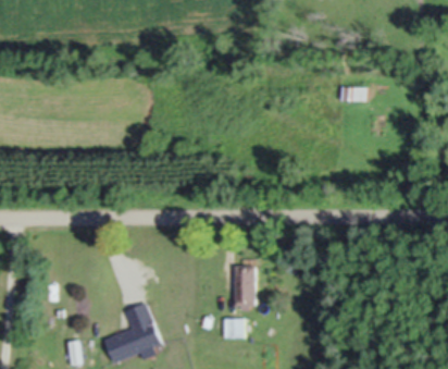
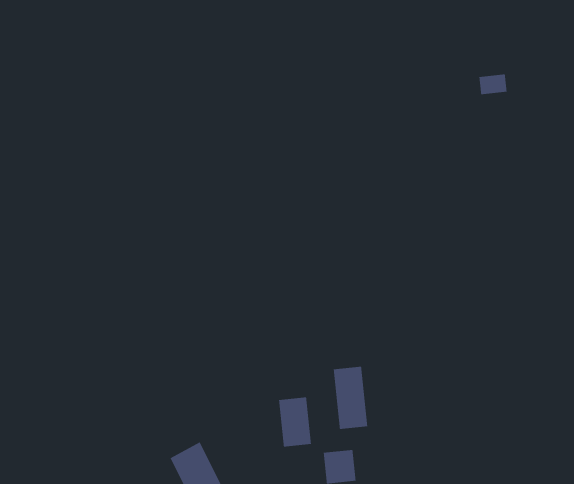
building: none -> [278,396,312,448]

